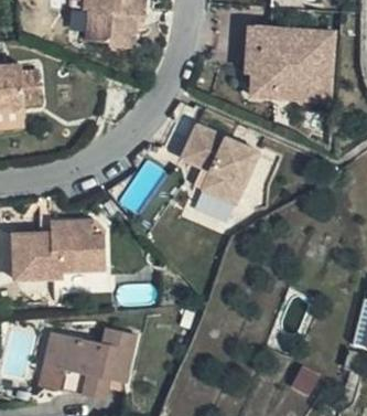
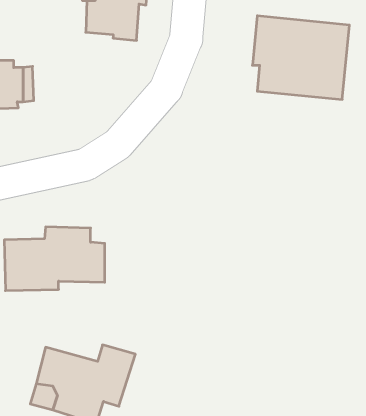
building: [169,119,248,200] -> none

